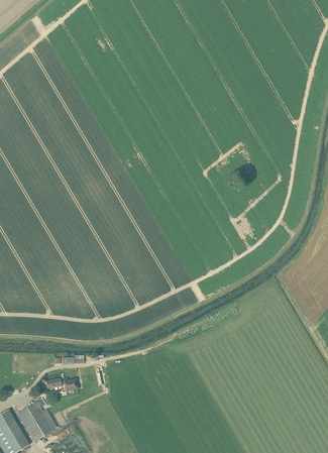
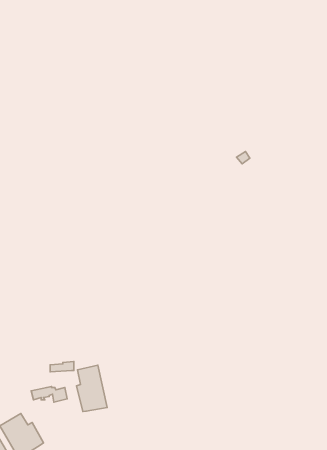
building: none -> [77,365,107,412]

